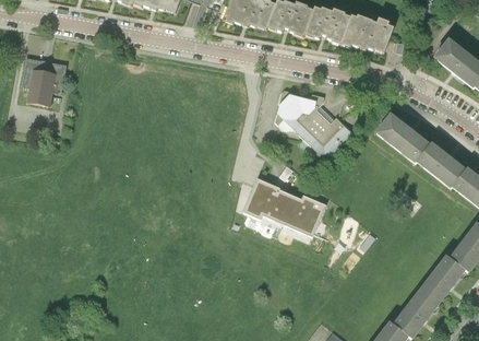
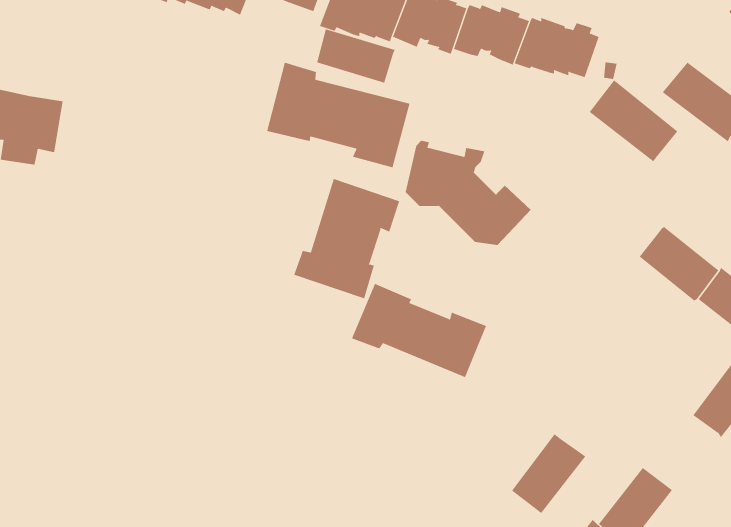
building: none -> [317,28,396,84]
building: none -> [266,62,410,168]
building: [376,113,431,163] -> [589,80,678,162]
building: none -> [293,178,400,299]
building: [420,255,466,304] -> [511,433,586,514]

